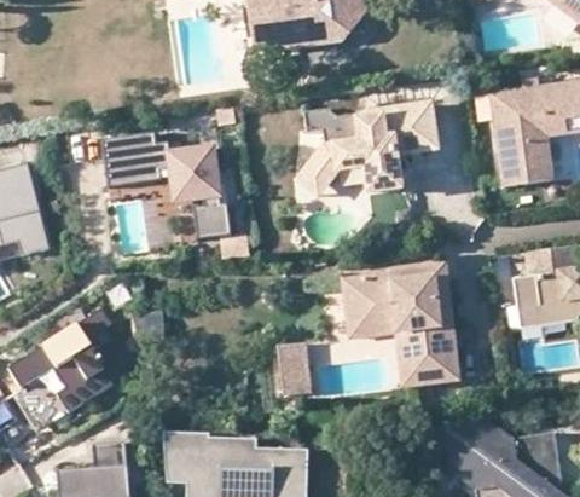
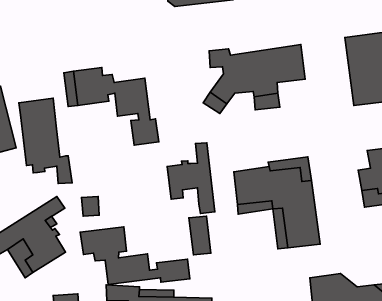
building: none -> [19,98,72,183]
building: none -> [167,143,215,213]
building: none -> [80,227,190,285]

